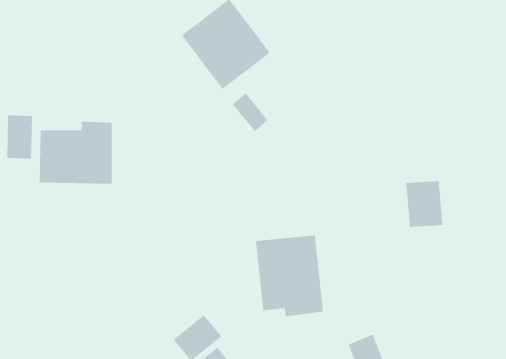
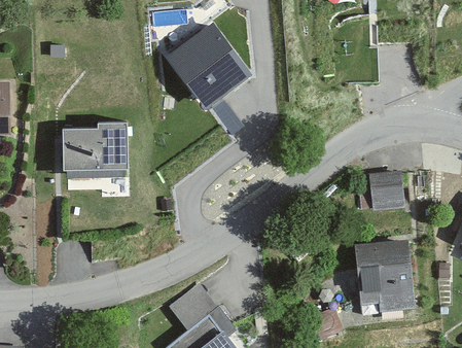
building: [7,115,32,159] -> none
building: [255,235,324,317] -> [353,243,412,313]

